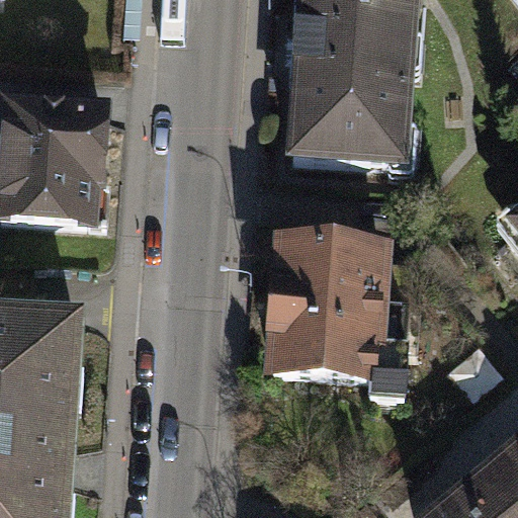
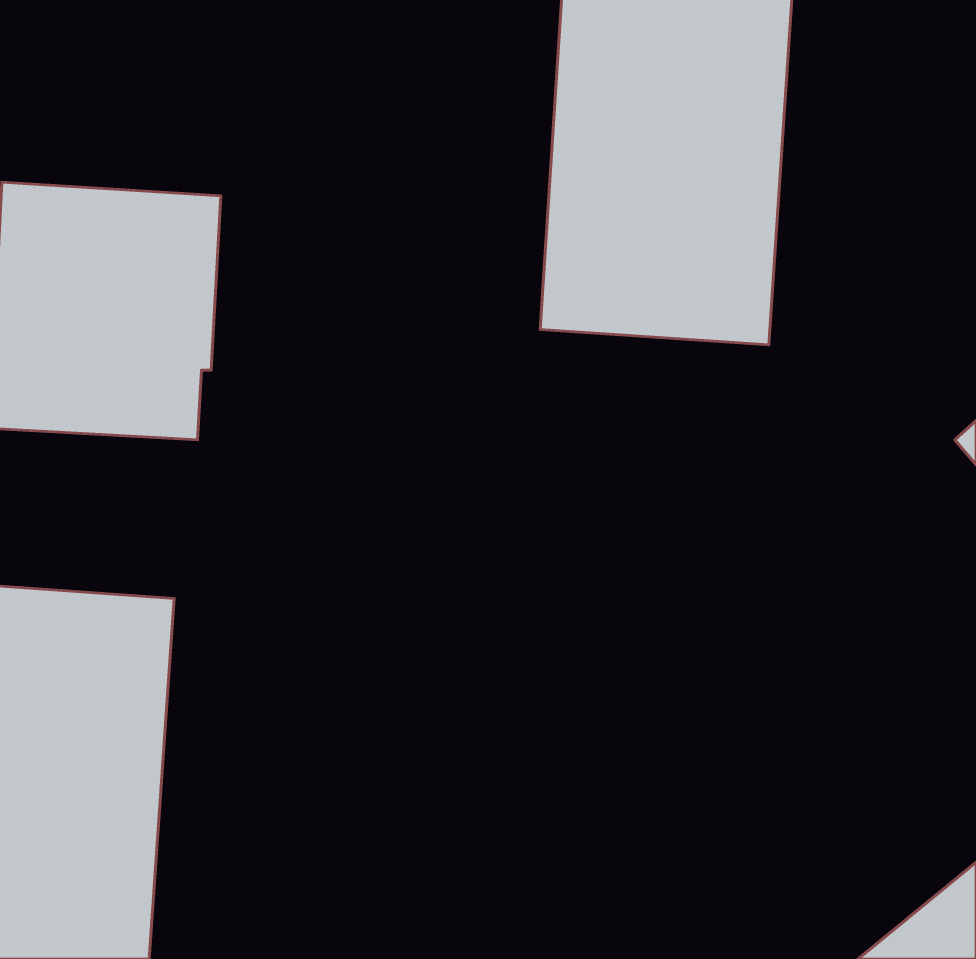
building: [261,245,408,408] -> none

